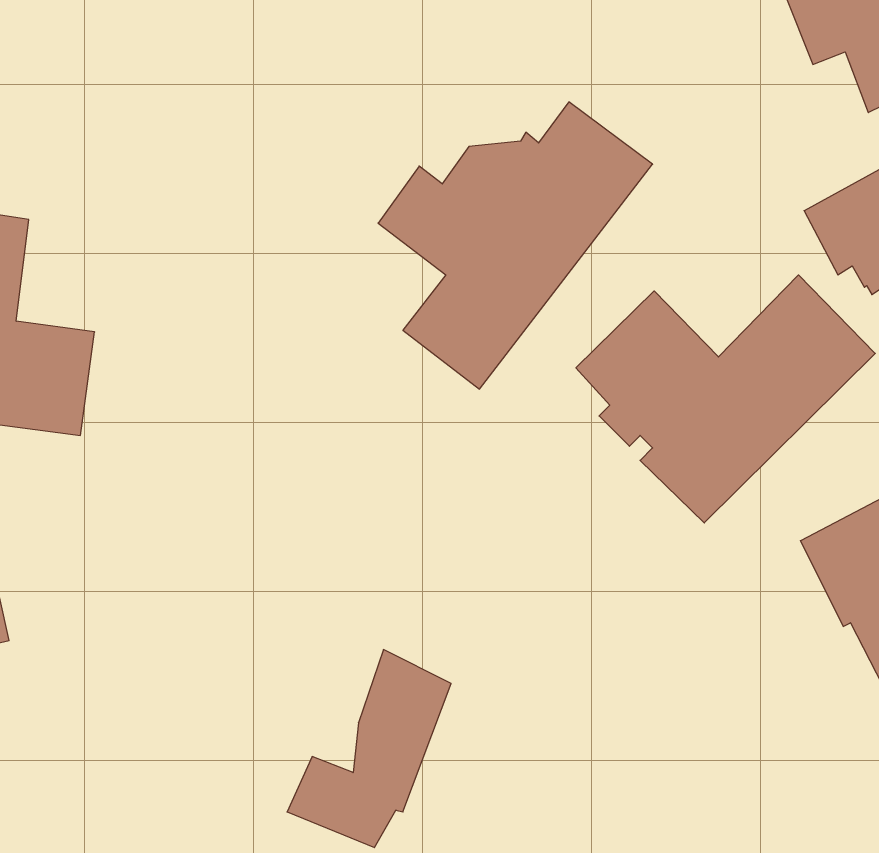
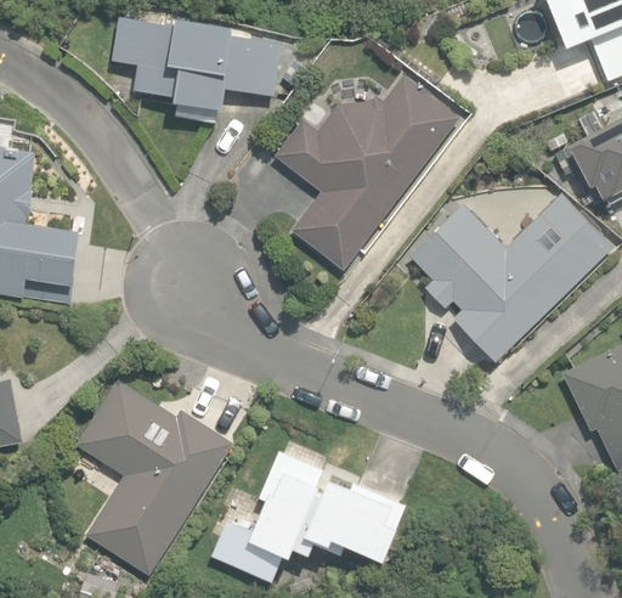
building: none -> [113,17,283,124]
building: none -> [79,383,234,575]
building: none -> [310,480,406,560]

